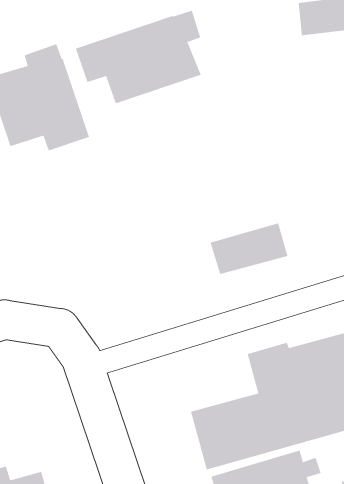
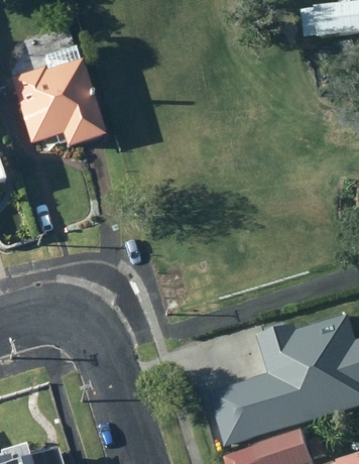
building: [75,10,202,104] -> none
building: [210,222,288,275] -> none

